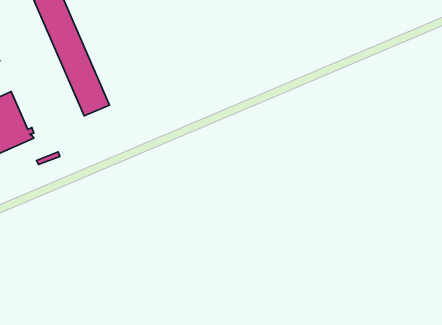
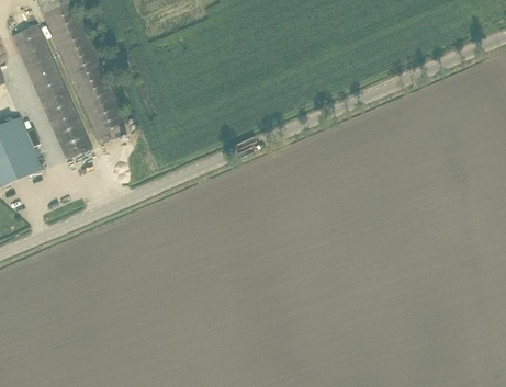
building: none -> [11,23,90,158]

